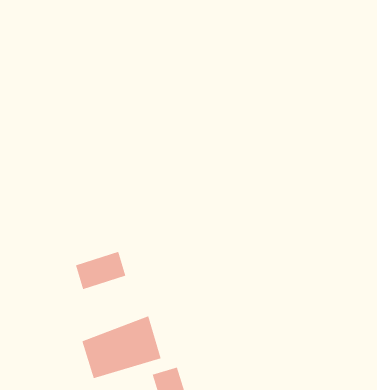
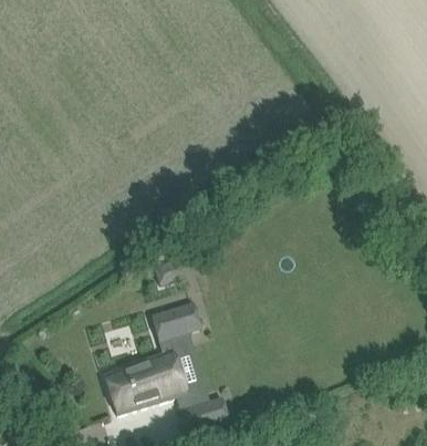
building: [75,251,126,290] -> [148,302,201,342]

